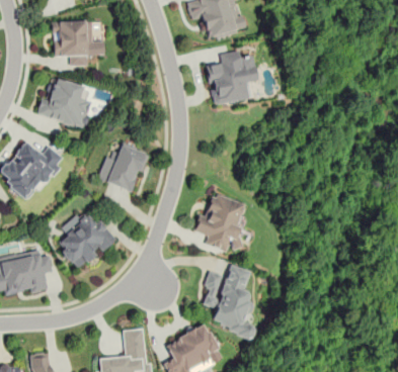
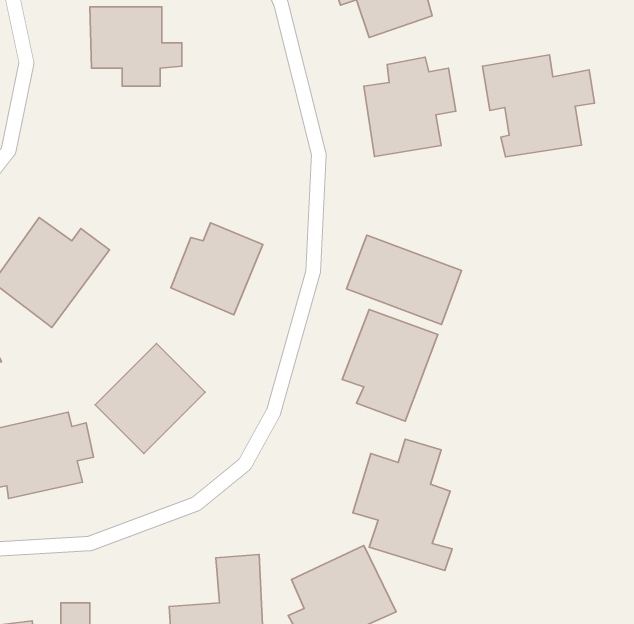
building: none -> [483,55,594,157]
building: [36,77,92,128] -> none
building: none -> [347,235,462,324]

